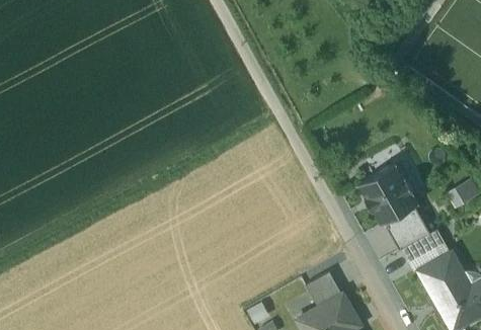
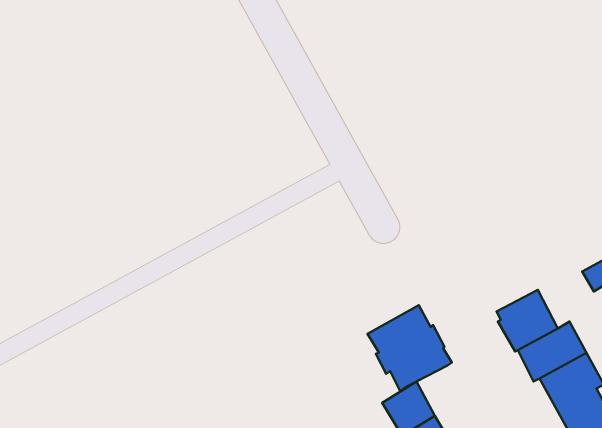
building: [359,164,419,225] -> [367,305,452,391]

